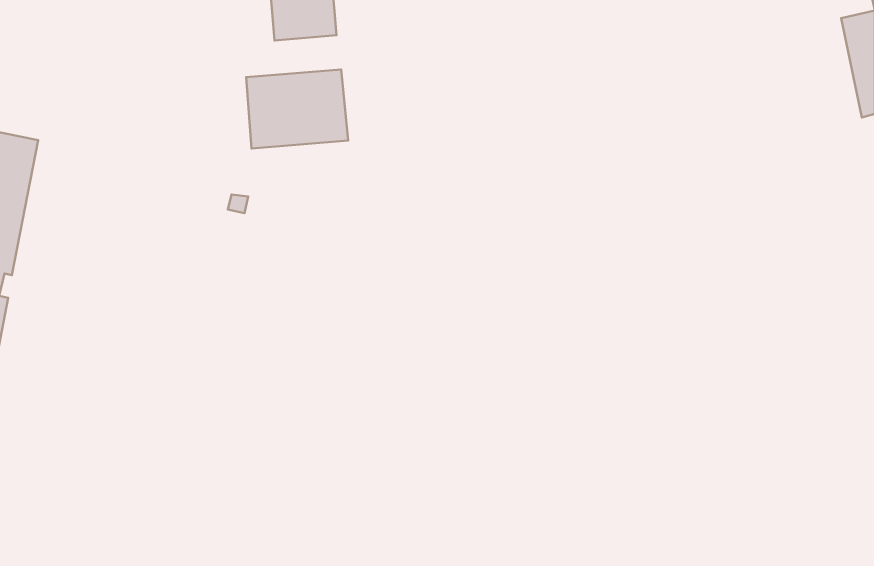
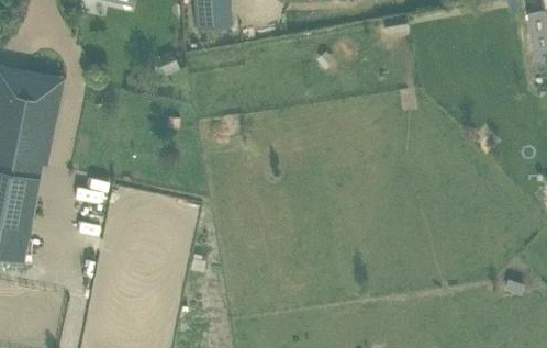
building: [246,70,348,149] -> none

